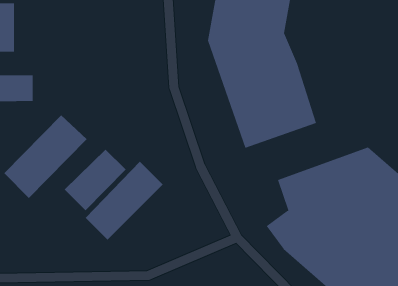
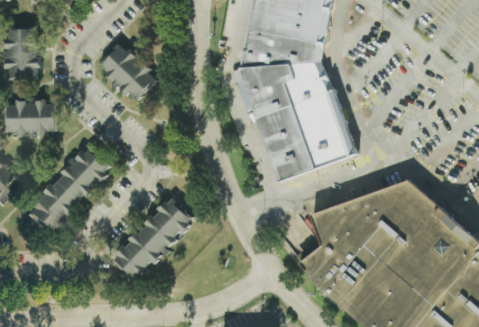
building: none -> [99,42,160,102]
building: [64,149,127,211] -> none

